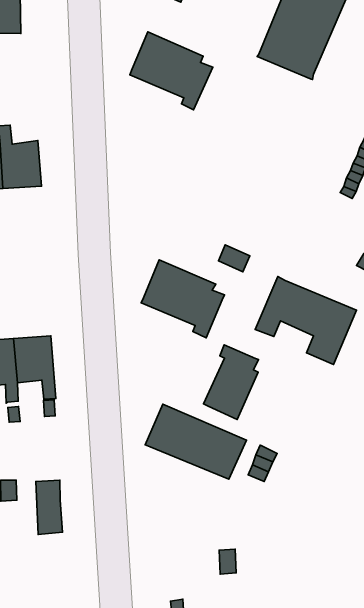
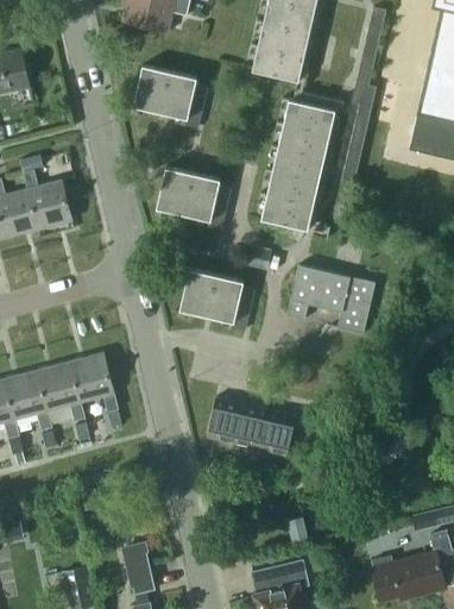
building: none -> [260,77,338,230]
building: none -> [156,168,229,230]
building: [203,345,258,420] -> none
building: [36,480,62,535] -> [124,544,156,596]

